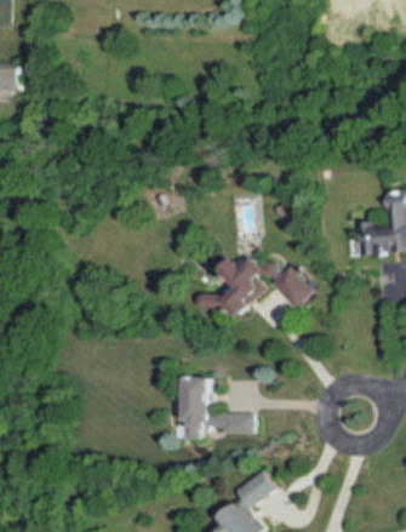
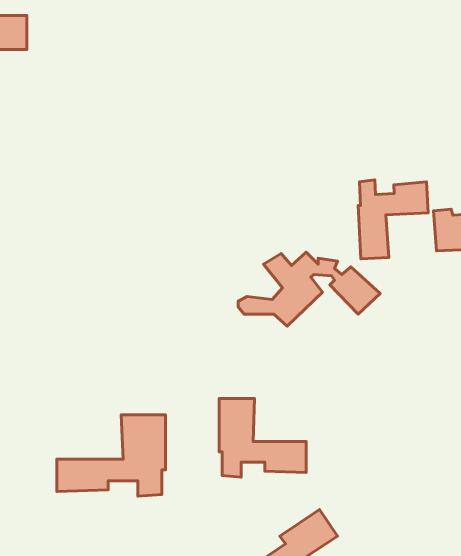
building: none -> [358,180,428,259]
building: none -> [57,415,165,496]

